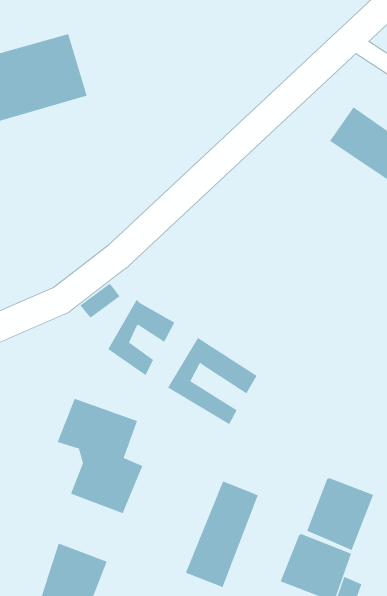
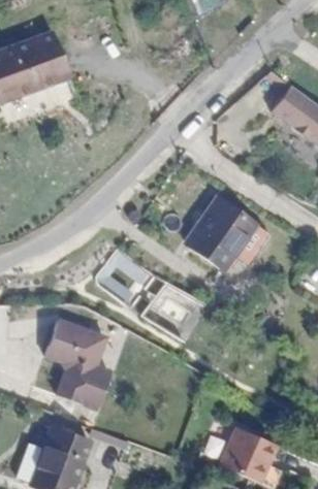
building: none -> [179,204,262,280]
building: [306,477,374,551] -> none
building: [185,480,258,588] -> none

